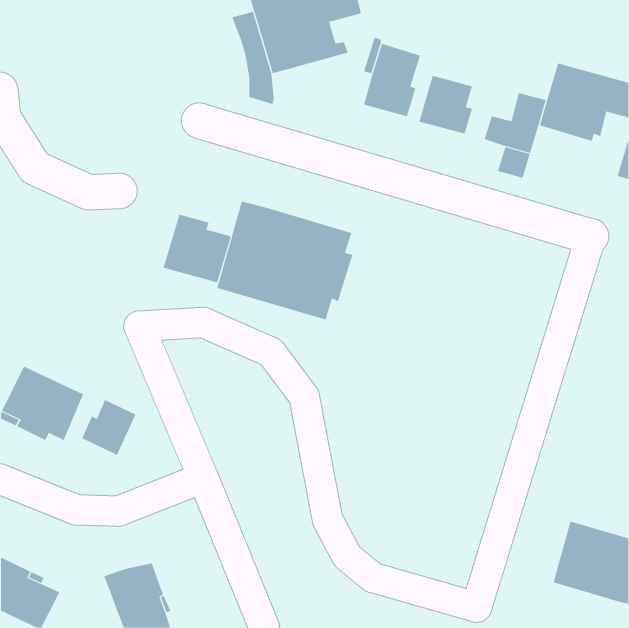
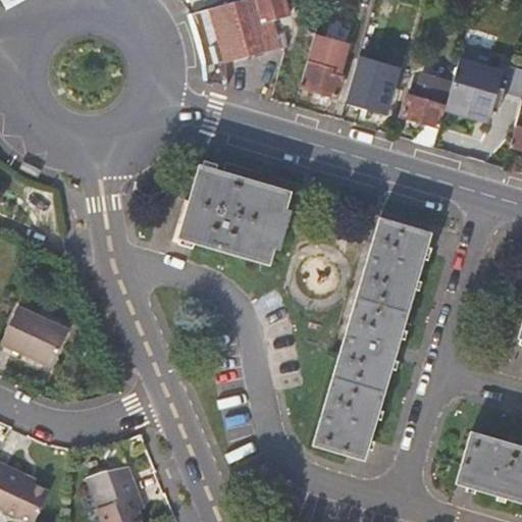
building: [163,214,231,283] -> none
building: none -> [315,219,430,460]
building: [81,399,136,456] -> none

